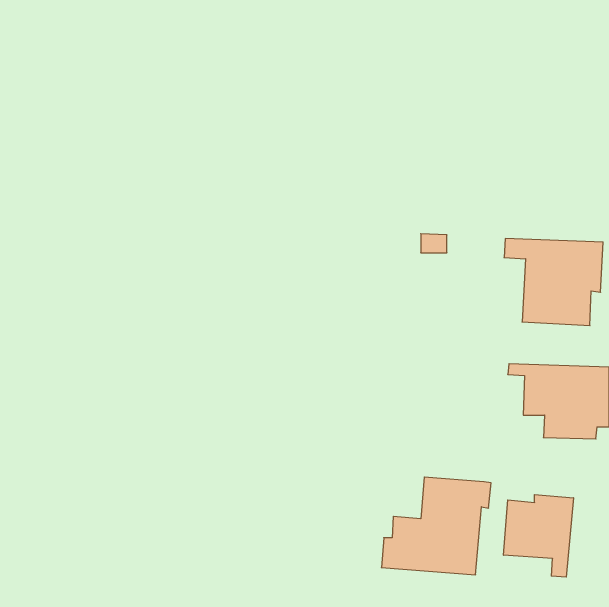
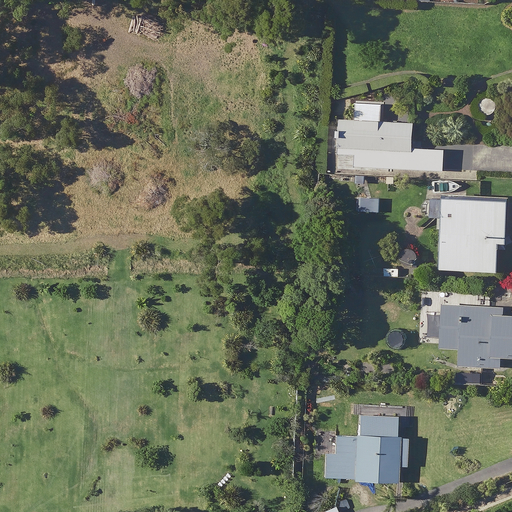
building: none -> [334,103,473,172]
building: [504,495,573,577] -> none

